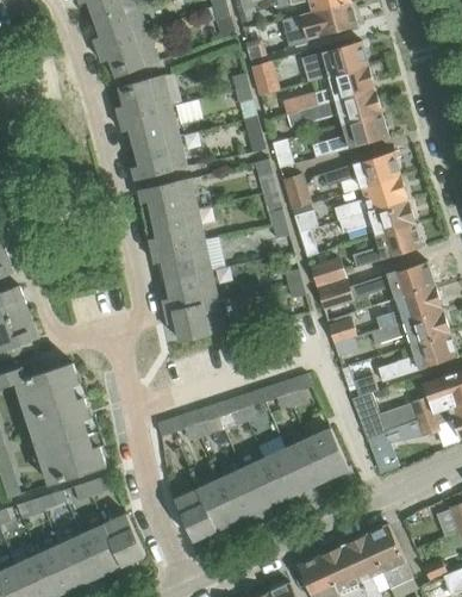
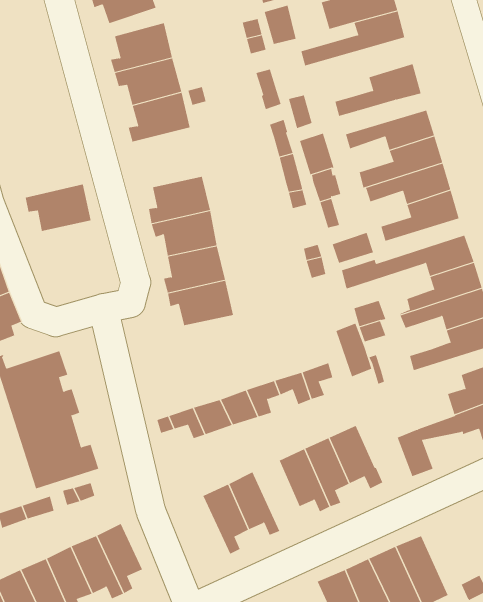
building: [286,88,381,125] -> none
building: [138,178,196,219] -> [25,184,92,231]
building: [352,391,385,439] -> [335,323,372,377]
building: [241,459,281,521] -> none
building: [174,490,220,545] -> none

